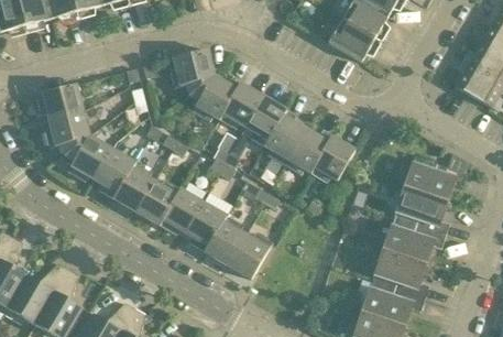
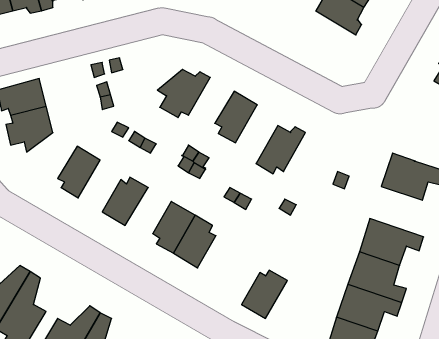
building: [328,19,380,62] -> none
building: [168,50,214,95] -> none
building: [219,83,263,129] -> none
building: [264,109,305,165] -> none
building: [64,135,112,182] -> none
building: [310,135,354,182] -> none
building: [113,162,154,211] -> none
building: [393,187,449,236] -> none
building: [158,188,203,235] -> none
building: [228,232,272,279] -> [242,270,287,318]

